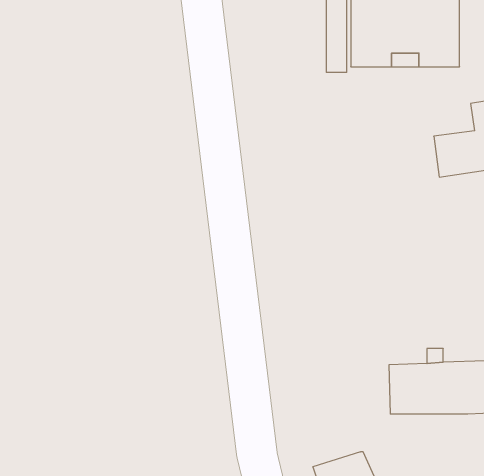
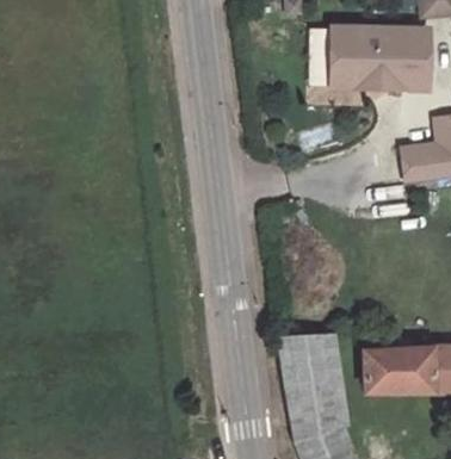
building: none -> [279,334,339,438]

